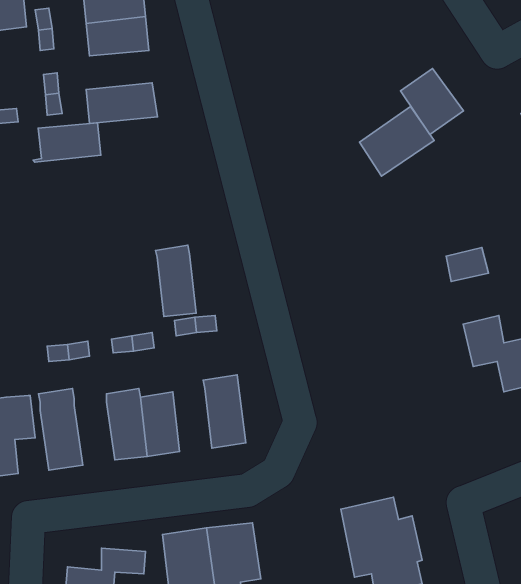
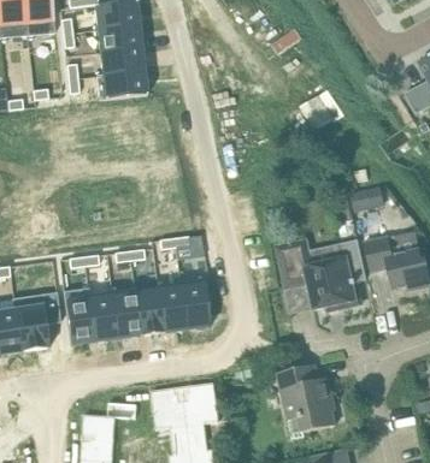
building: [401,68,463,134] -> none
building: [33,123,101,162] -> [95,48,143,76]
building: [155,245,196,317] -> [157,281,185,332]
building: none -> [275,239,366,310]
building: none -> [88,291,117,342]

